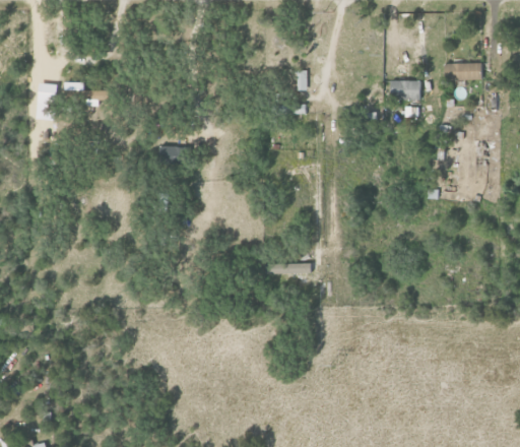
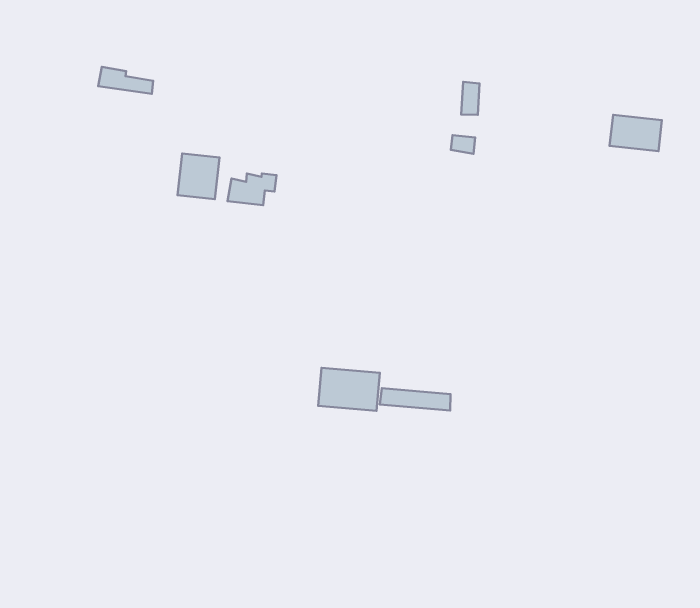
building: none -> [178,154,219,199]
building: none -> [318,368,380,411]

